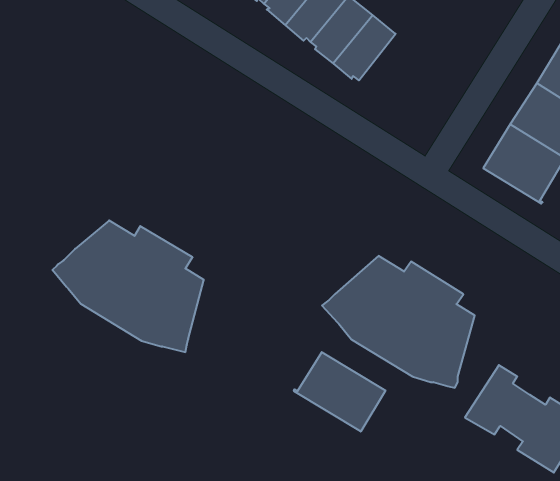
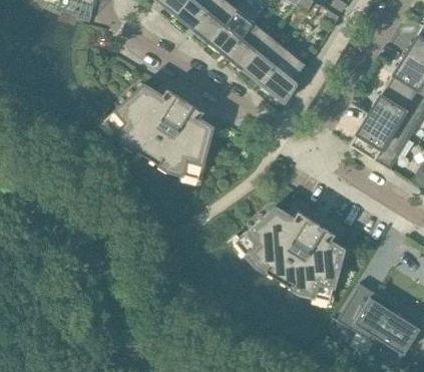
building: none -> [262,49,308,103]
building: [52,220,204,352] -> [105,84,213,177]
building: [294,352,385,432] -> none

